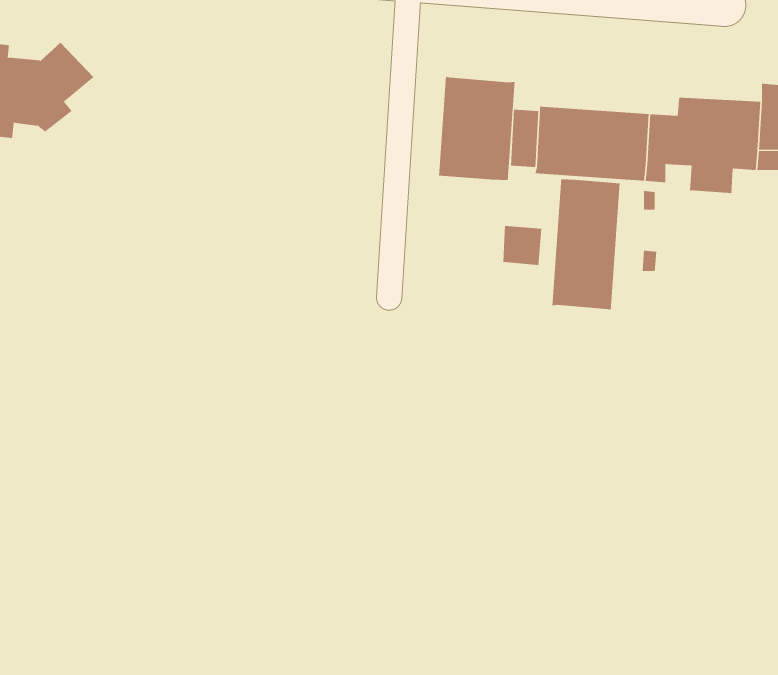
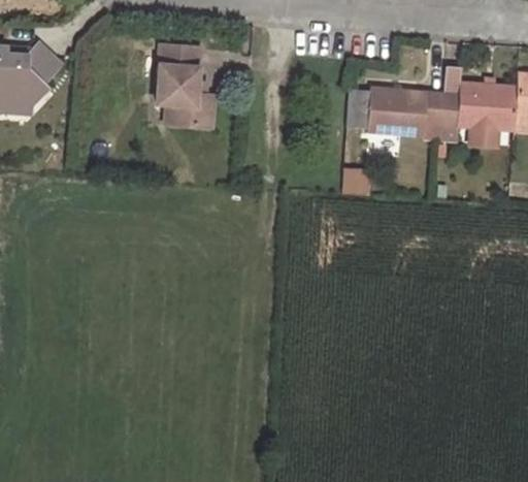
building: none -> [162,49,217,129]
building: [439,76,515,181] -> none
building: [552,179,620,310] -> none

